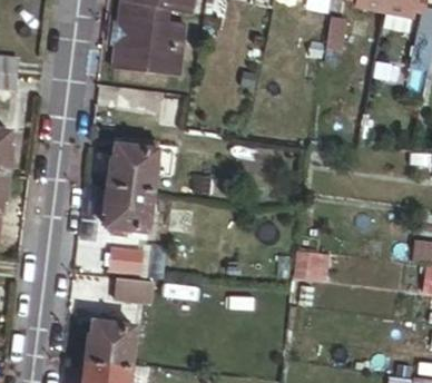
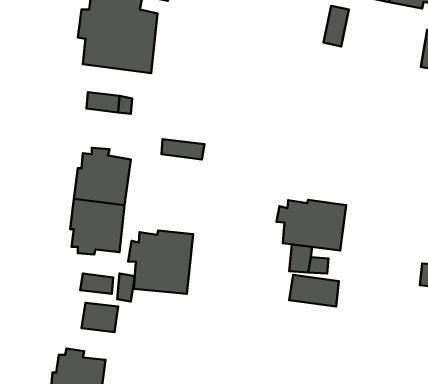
building: none -> [276,200,346,250]
building: none -> [128,230,193,294]

